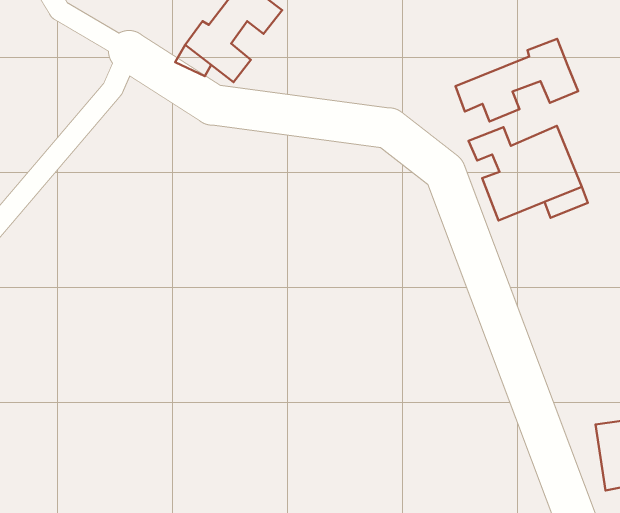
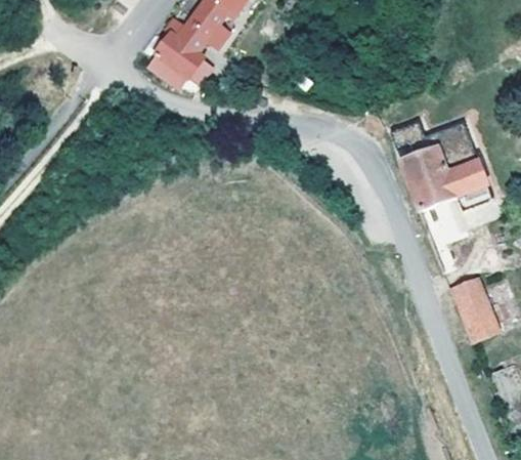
building: [455,39,578,121] -> none
building: none -> [452,281,494,344]

